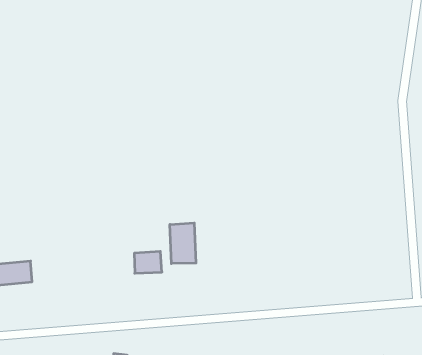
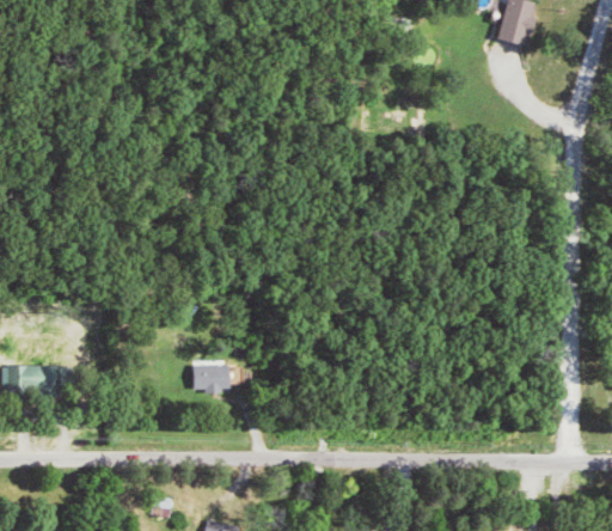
building: [170,223,196,264] -> none

